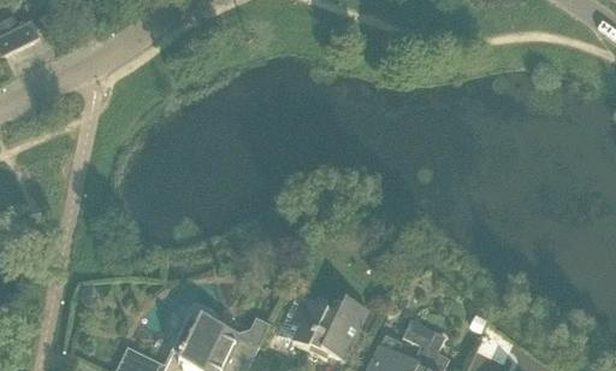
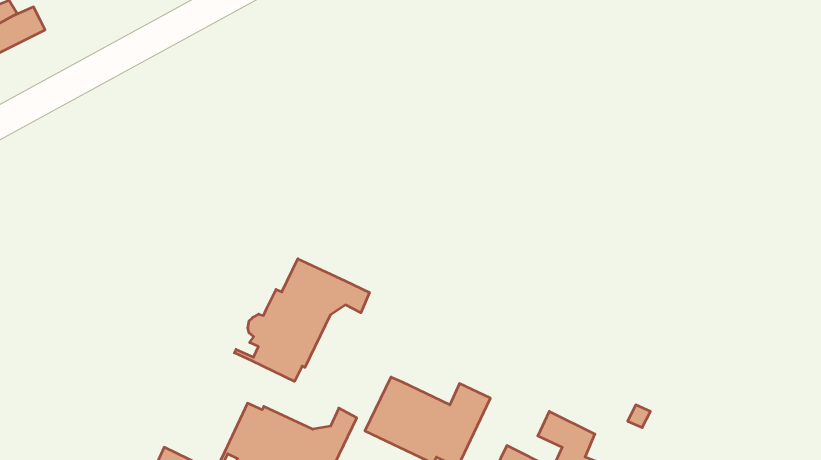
building: none -> [234,259,369,381]

